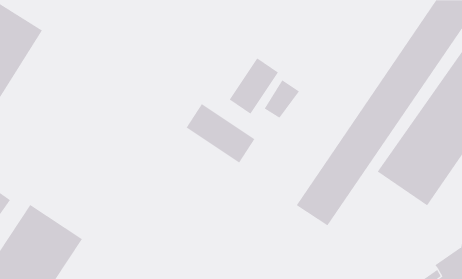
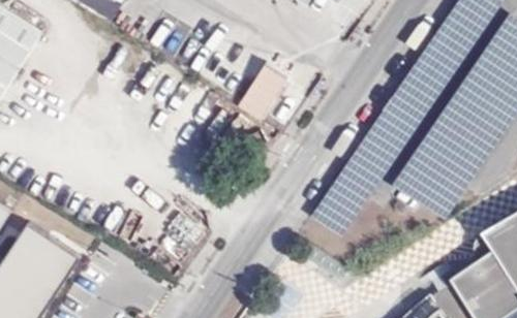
building: [186,103,255,163] -> none

